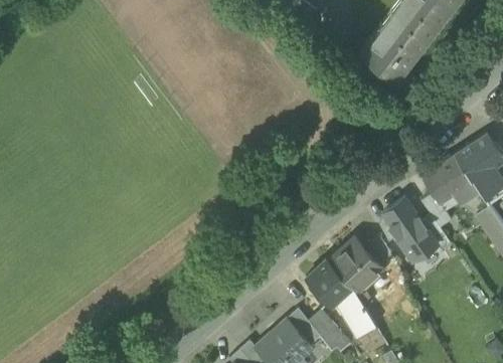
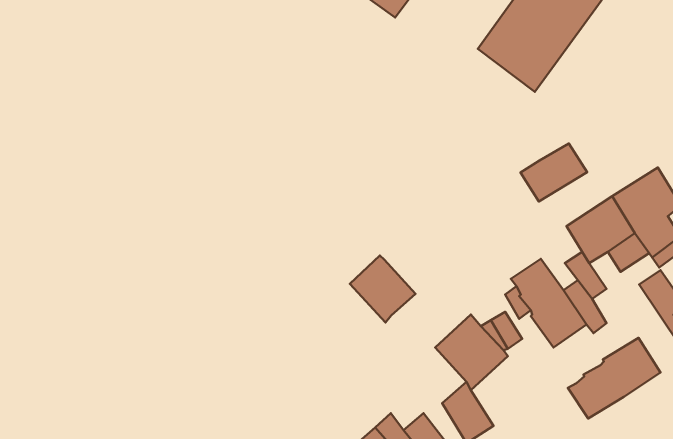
building: none -> [520,143,587,201]
building: none -> [568,338,660,419]
building: [307,258,353,306] -> [350,255,415,322]

